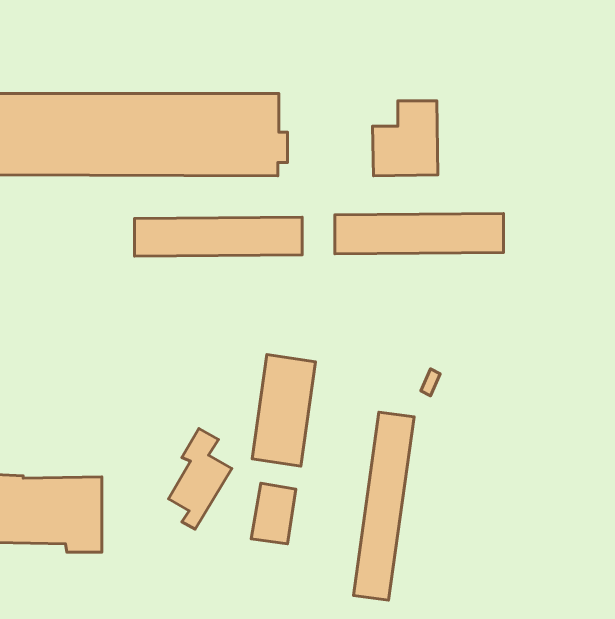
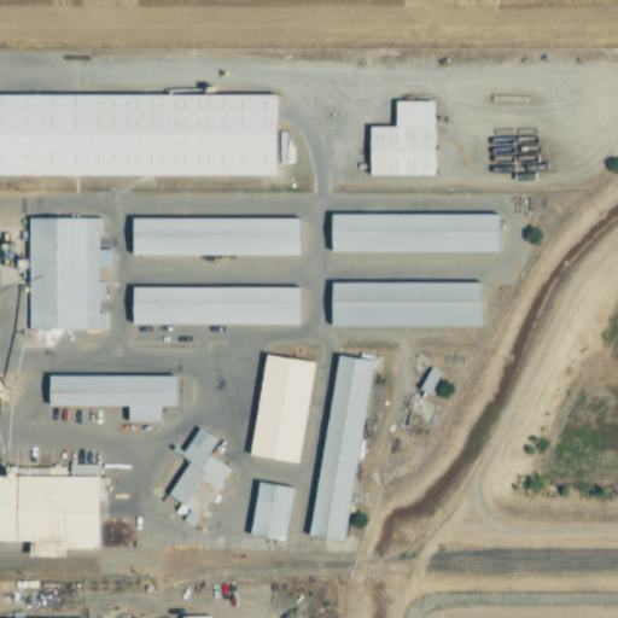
building: none -> [28,217,109,330]
building: none -> [332,282,484,327]
building: none -> [134,286,302,325]
building: none -> [51,375,179,422]
building: [353,412,414,600] -> [311,355,372,542]

